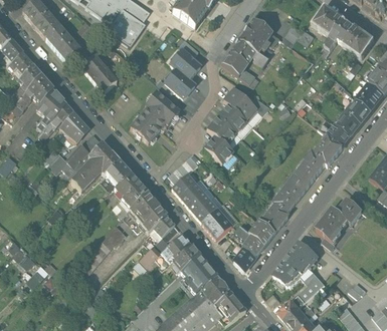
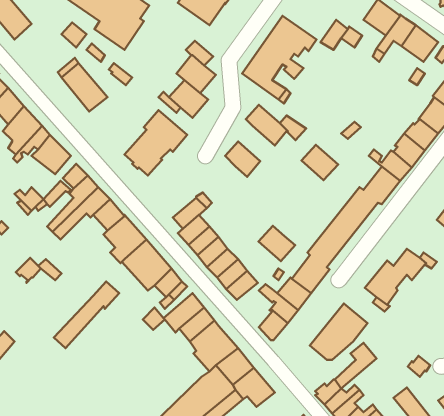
building: [46,26,80,62] -> none
building: [218,104,246,131] -> [301,145,338,180]
building: [205,135,233,162] -> [259,226,295,261]

